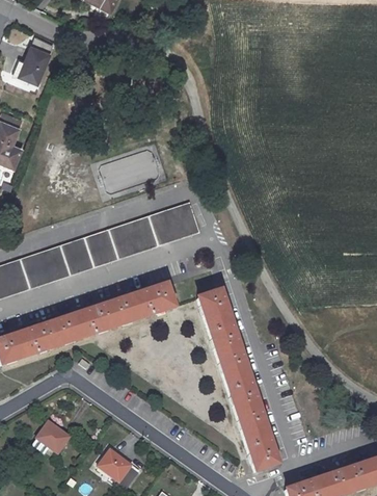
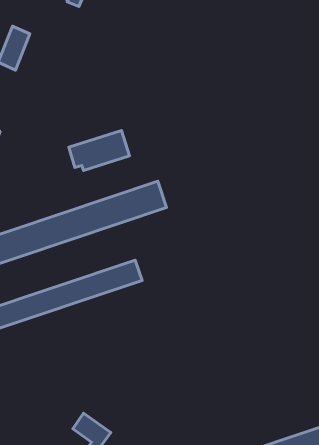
building: [198,292,277,471] -> none
building: [37,420,71,452] -> none

